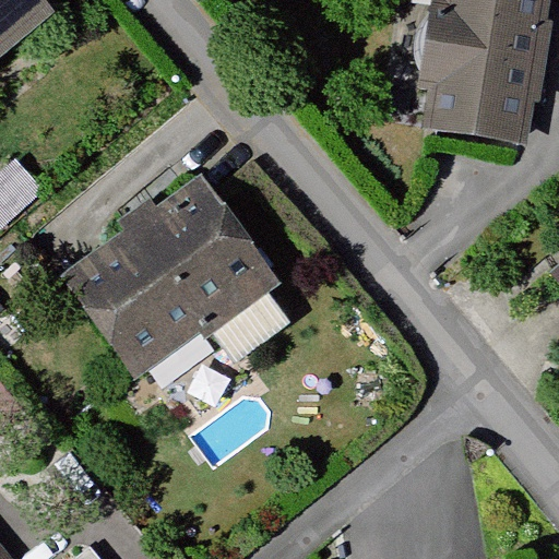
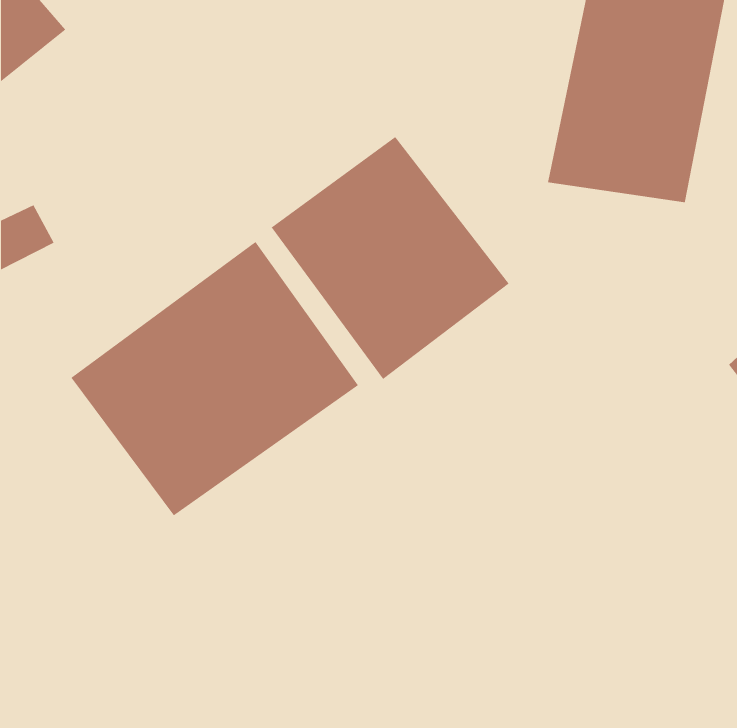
building: none -> [271,136,509,380]

